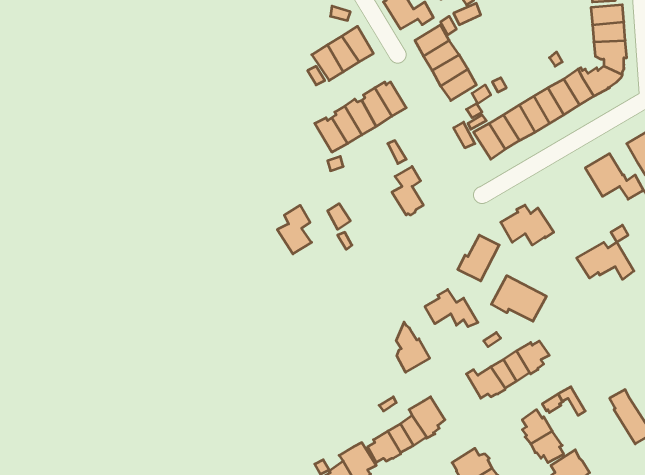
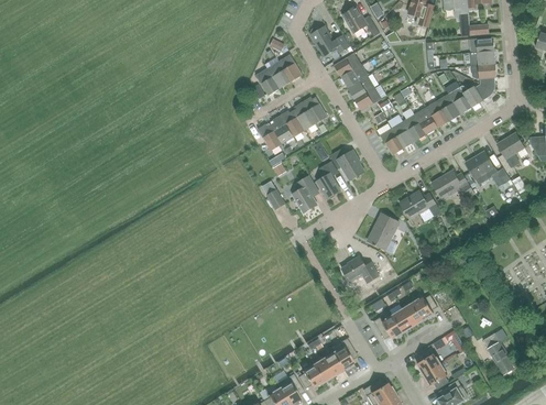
building: none -> [329,149,362,179]
building: [277,205,312,254] -> [291,175,317,212]
building: [577,242,634,279] -> [430,171,474,199]
building: [491,276,546,321] -> none
building: [396,322,430,372] -> none

